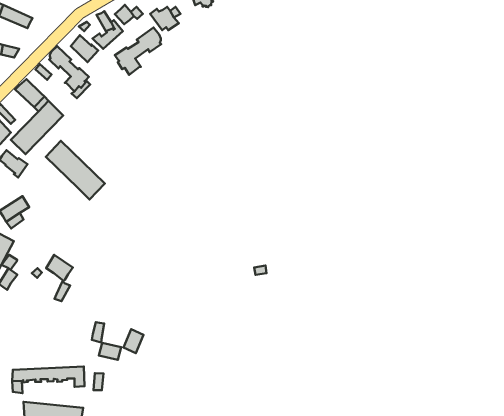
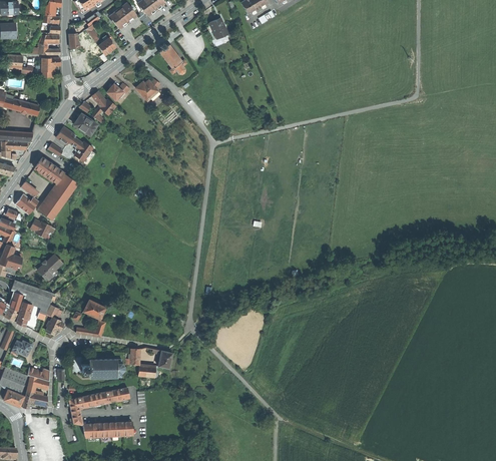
building: [115,28,161,75] -> none
building: [46,141,105,199] -> none
building: none -> [81,359,124,377]

